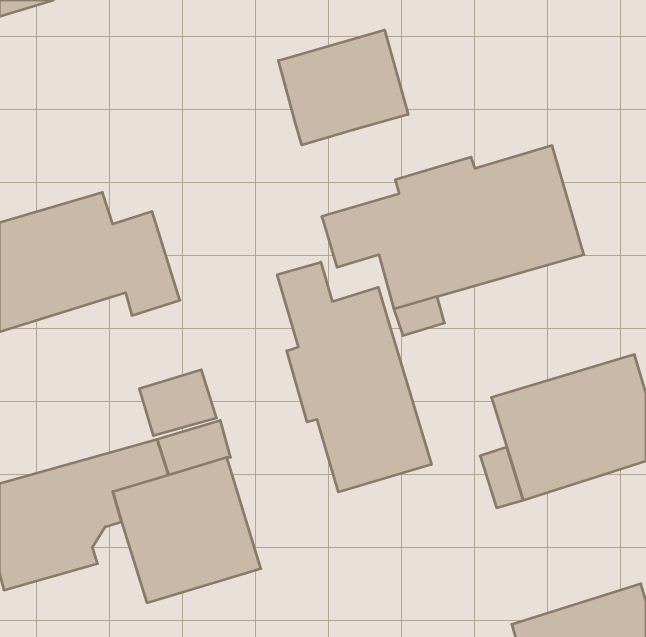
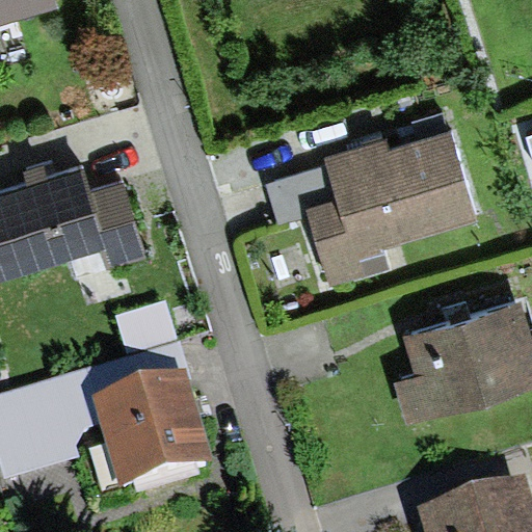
building: [278,30,408,145] -> none
building: [277,262,431,492] -> none

